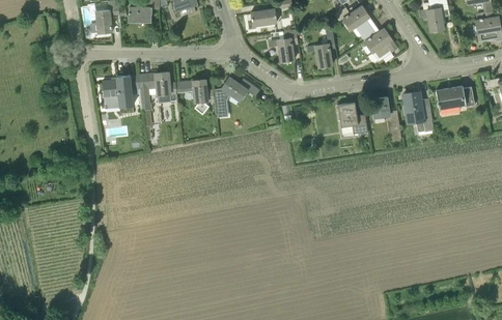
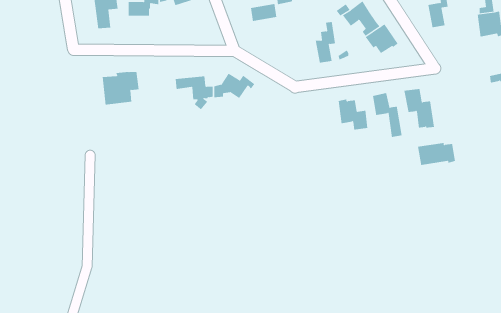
building: [277,29,298,62] -> none
building: [138,72,177,110] -> none
building: [436,86,474,109] -> [417,142,456,165]

